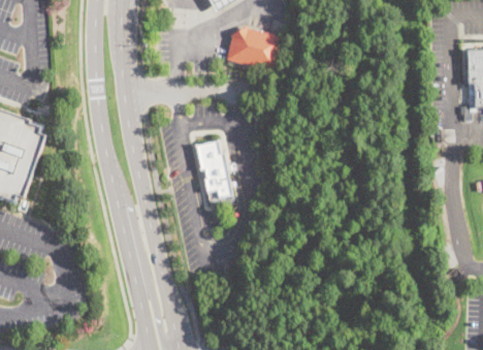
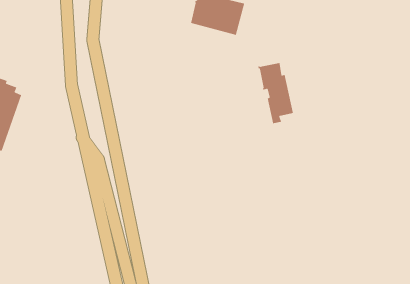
building: [193,140,232,206] -> [257,62,294,124]

